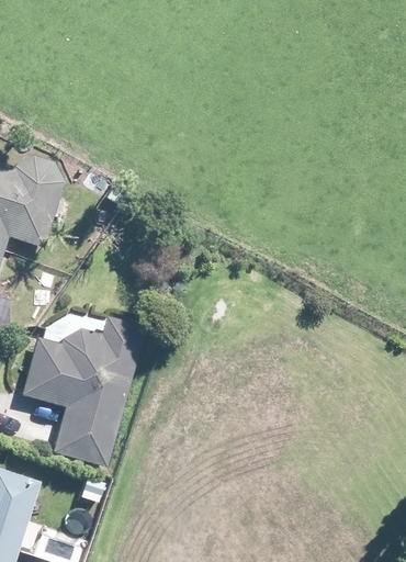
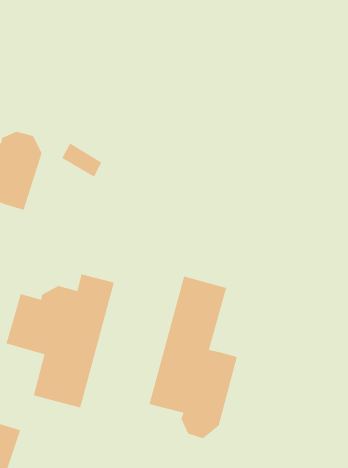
building: none -> [149,275,238,439]

